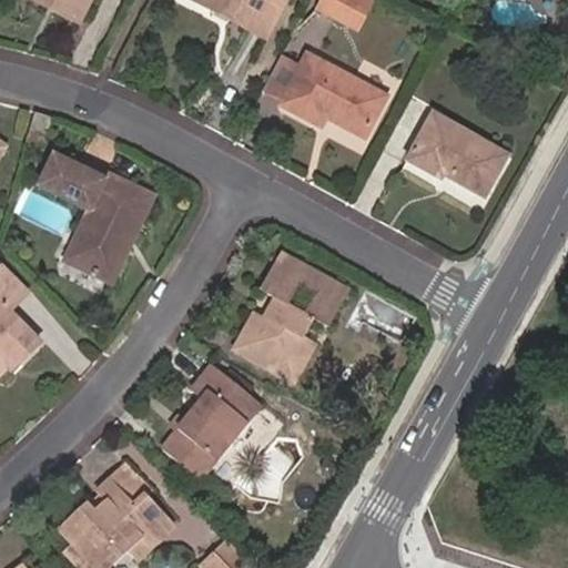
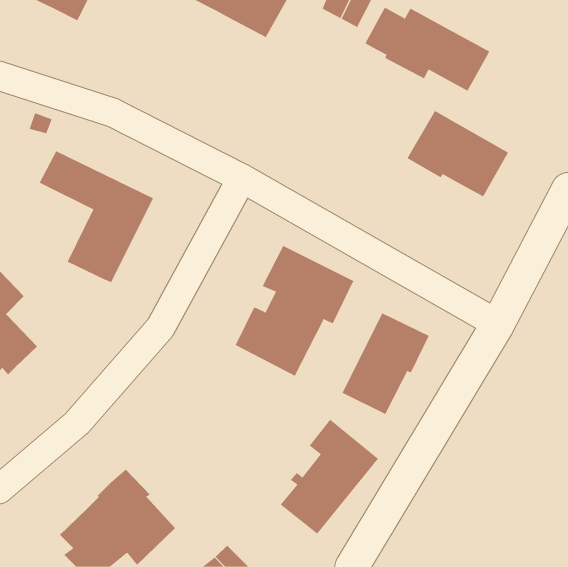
building: [262,53,387,138] -> [364,7,490,91]
building: none -> [342,312,429,415]
building: [163,365,262,480] -> [280,419,379,535]

